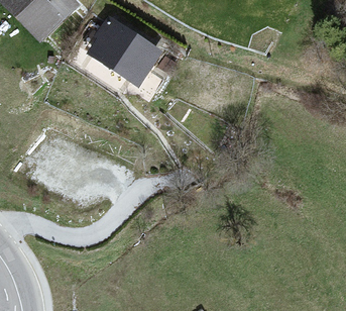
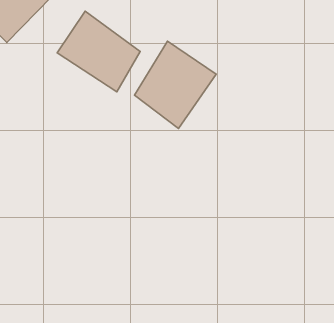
building: none -> [135,41,216,128]

